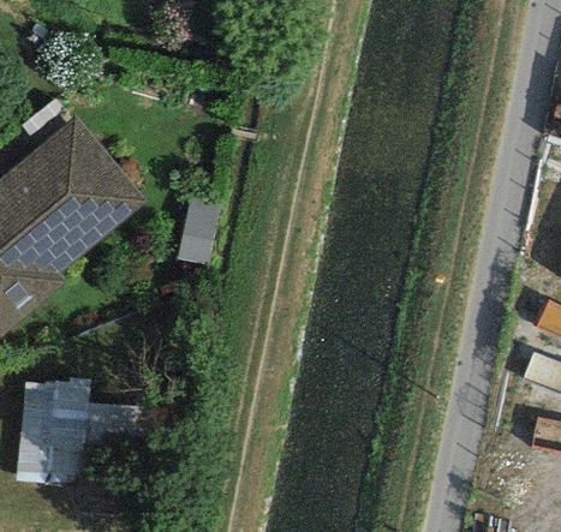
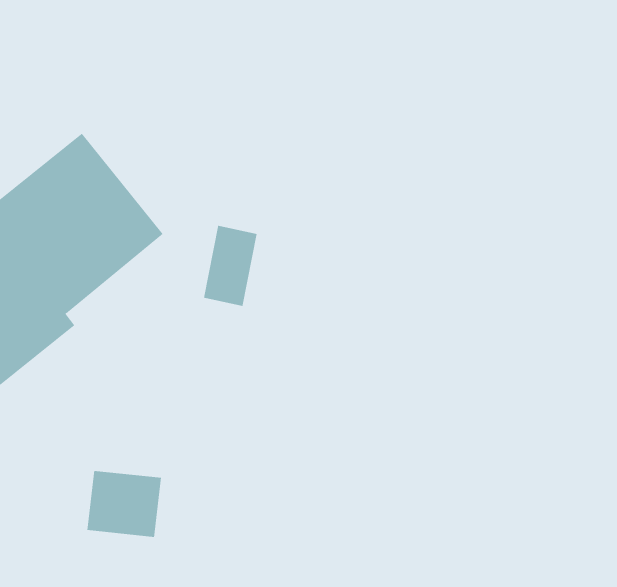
building: [13,373,89,480] -> none

